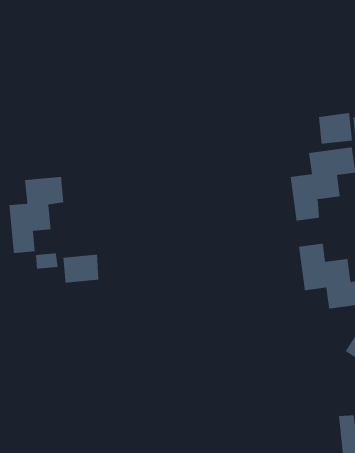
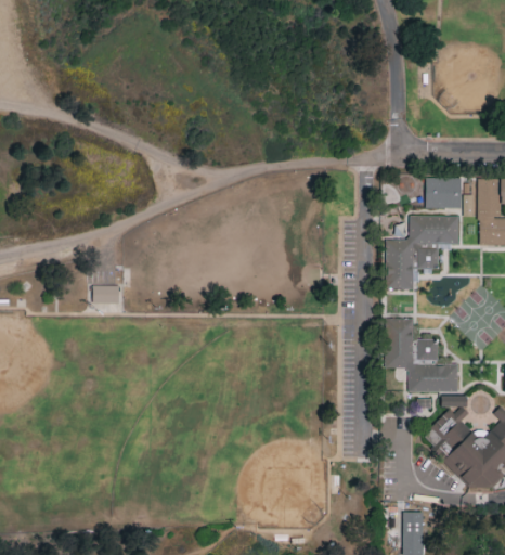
building: [9,176,64,254] -> none
building: [63,254,99,283] -> none

